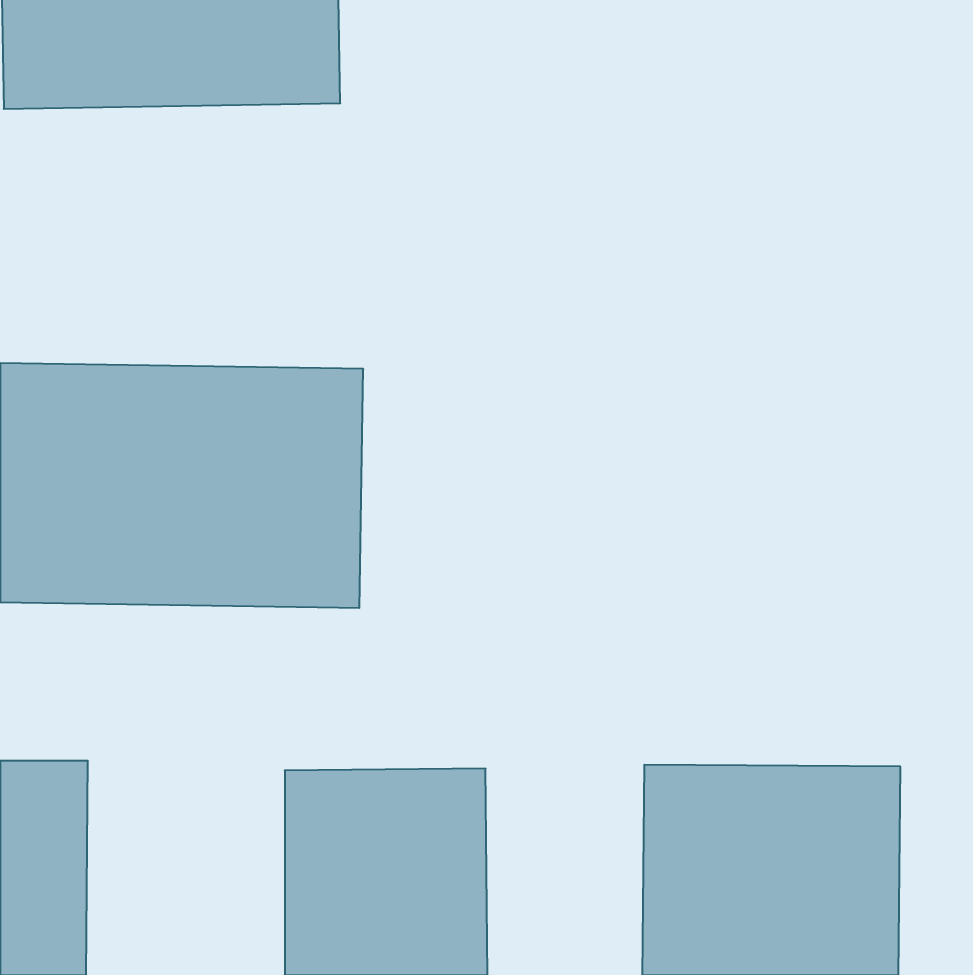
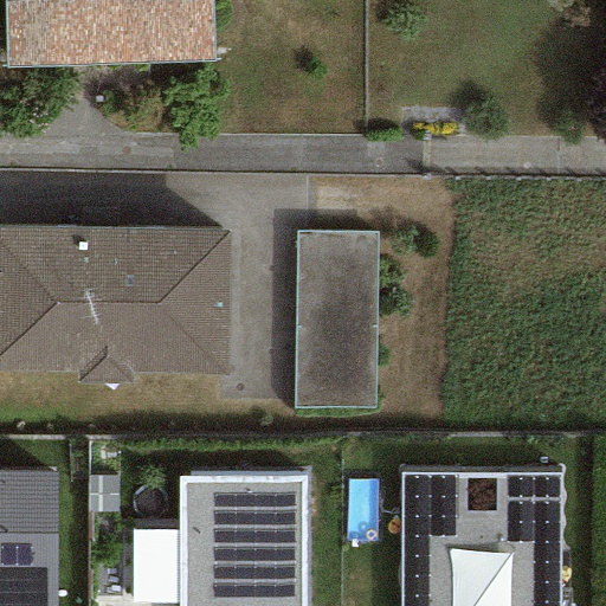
building: none -> [296,230,376,407]

